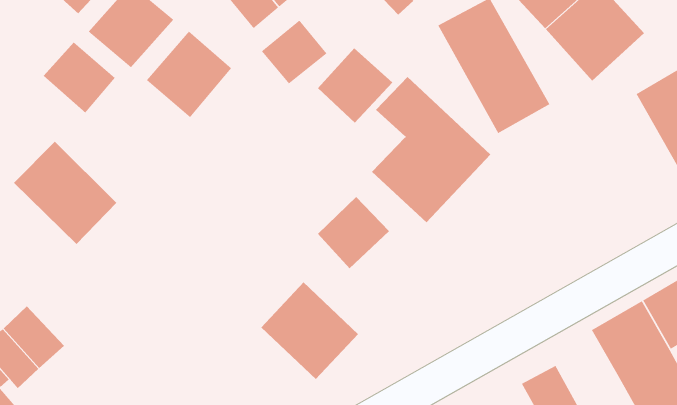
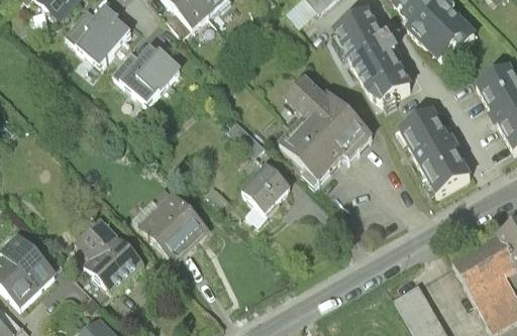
building: [261,19,327,84] -> none
building: [43,41,116,114] -> none
building: [317,47,393,123] -> none
building: none -> [401,106,472,192]
building: [13,141,117,245] -> [66,215,143,293]
building: [260,282,359,380] -> [136,188,210,261]

